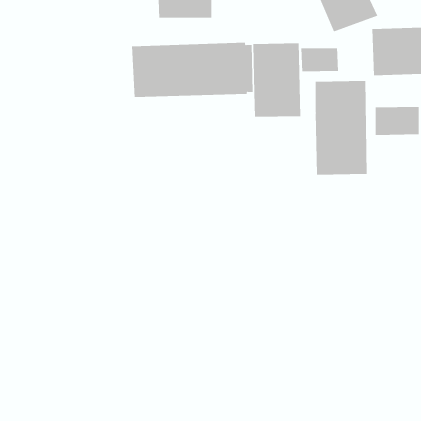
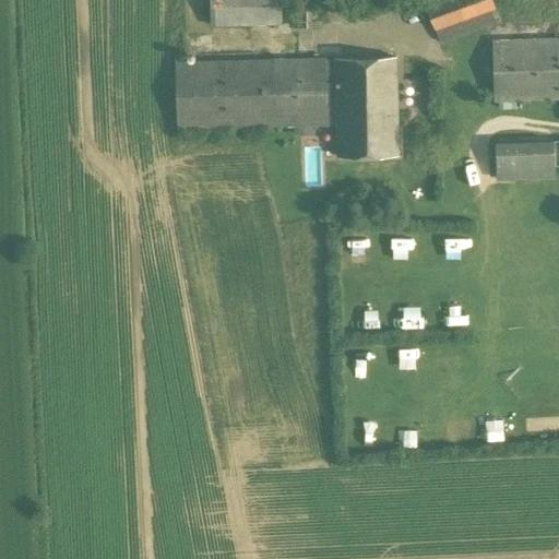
building: [301,47,339,72] -> none
building: [315,80,367,176] -> none

